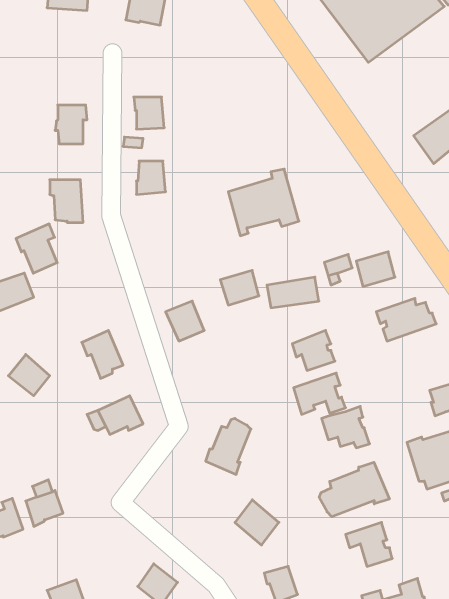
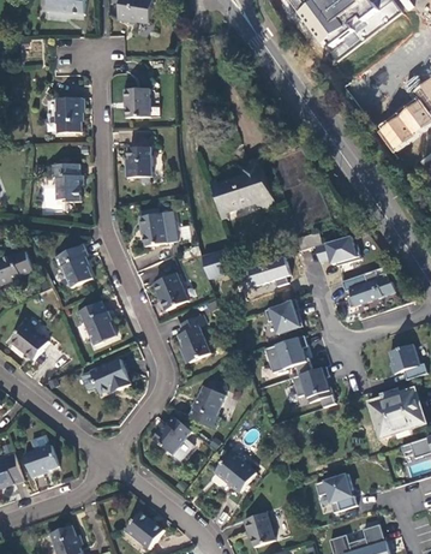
building: [16,224,57,273] -> [53,242,90,286]
building: none -> [138,208,178,246]
building: none -> [178,316,209,364]
building: none -> [154,416,191,453]
building: [319,462,389,517] -> none

